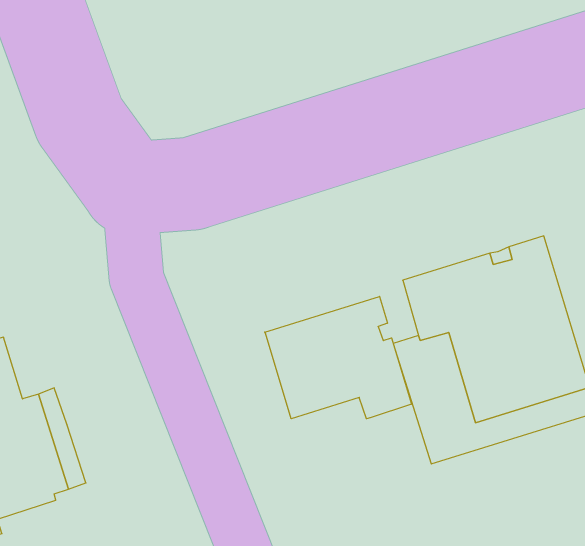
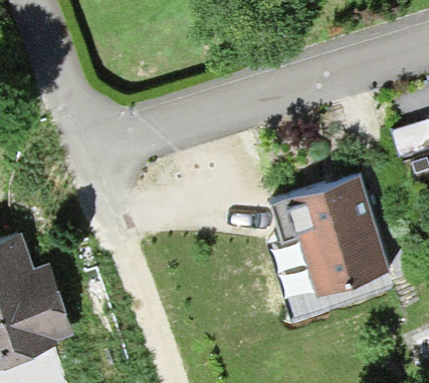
building: [265,296,412,419] -> none

